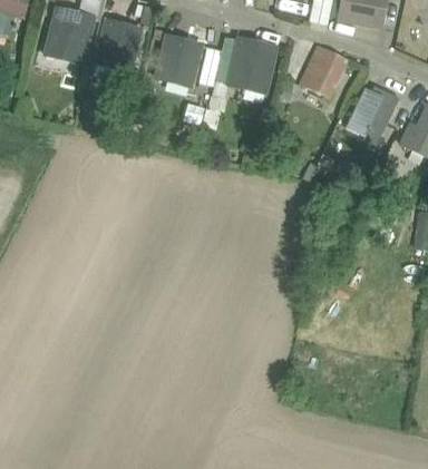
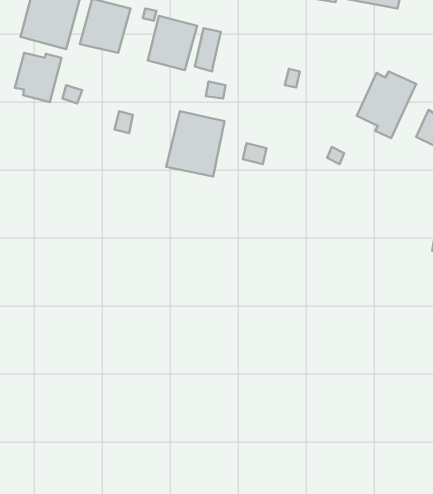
building: [225,36,278,95] -> [166,111,224,177]
building: [300,45,349,97] -> none
building: none -> [15,53,62,102]

